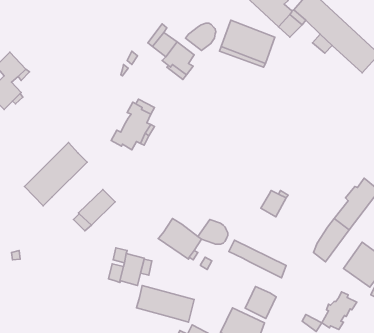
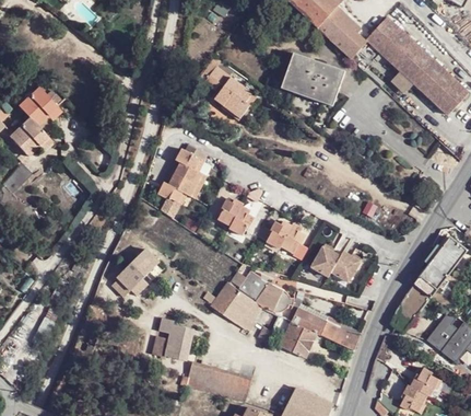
building: [186,23,216,50] -> none
building: [25,143,87,206] -> none
building: none -> [217,196,252,232]
building: none -> [266,220,304,252]
building: none -> [309,244,339,275]
building: none -> [237,270,270,303]
building: [245,286,276,318] -> [280,321,316,358]

